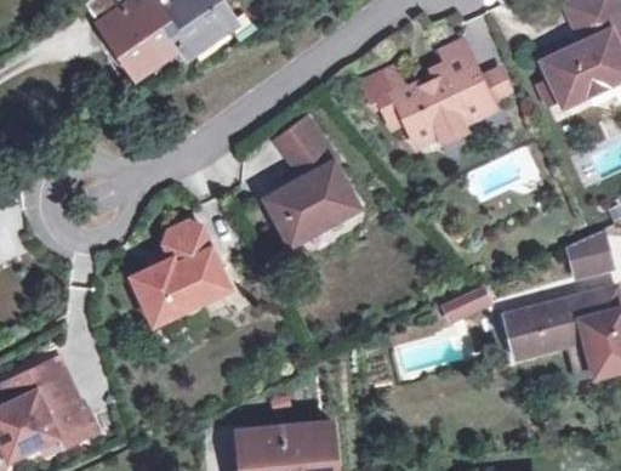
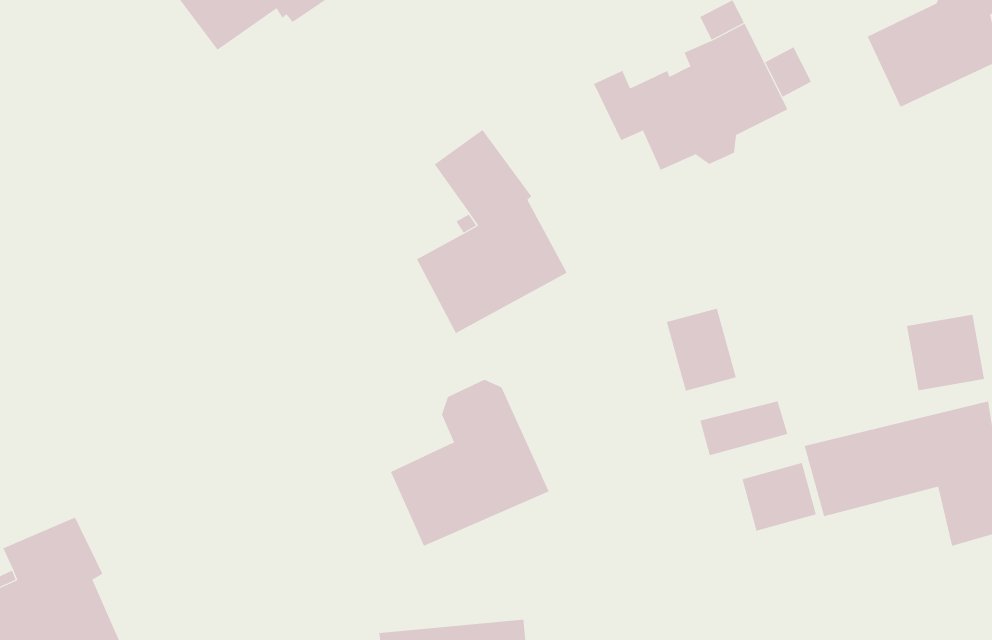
building: [130,221,228,324] -> [390,379,550,546]
building: none -> [666,308,737,391]
building: none -> [742,462,816,531]

